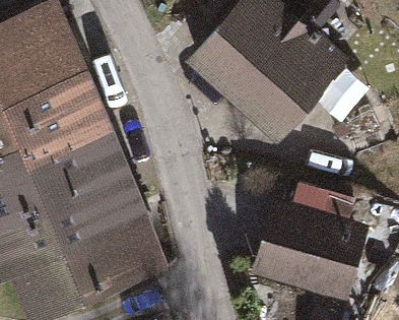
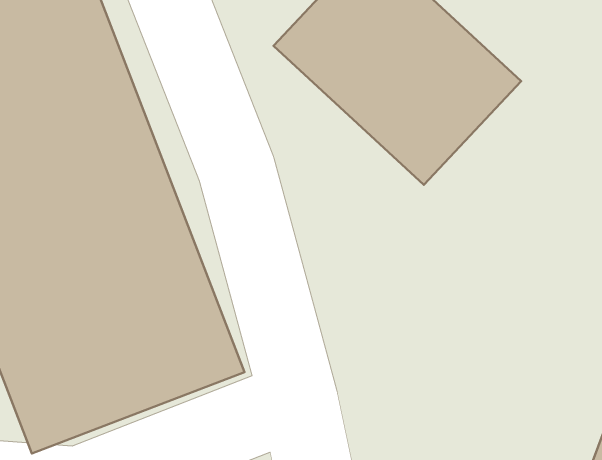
building: [248,200,369,312] -> none

